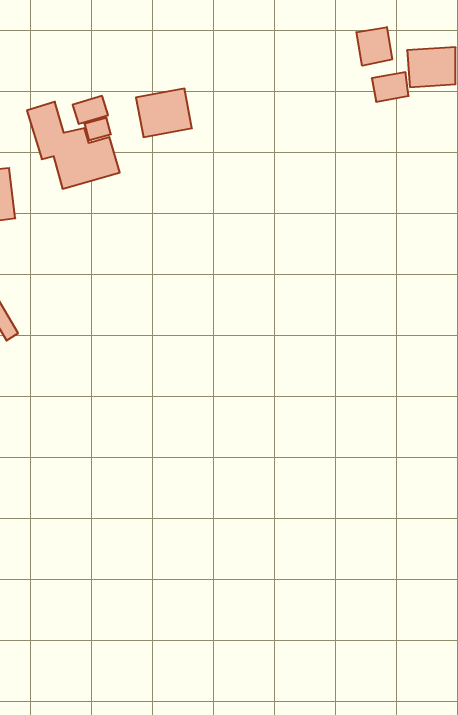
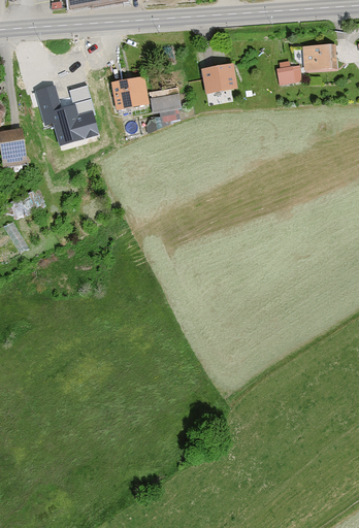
building: [356,27,392,66] -> none
building: none -> [203,62,237,90]
building: none -> [151,91,182,111]

